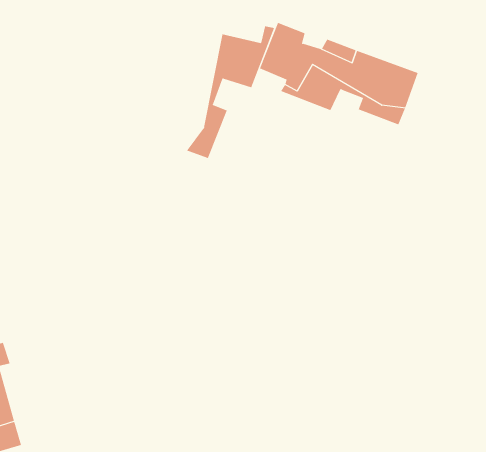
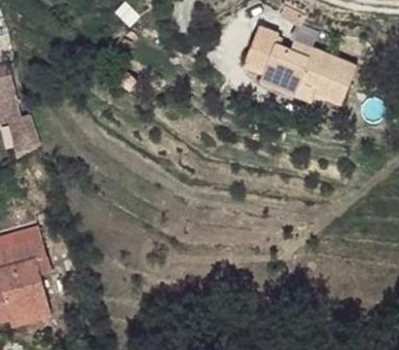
building: [186,25,275,159] -> none

